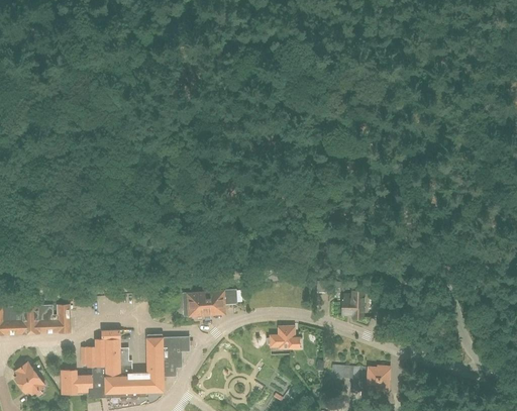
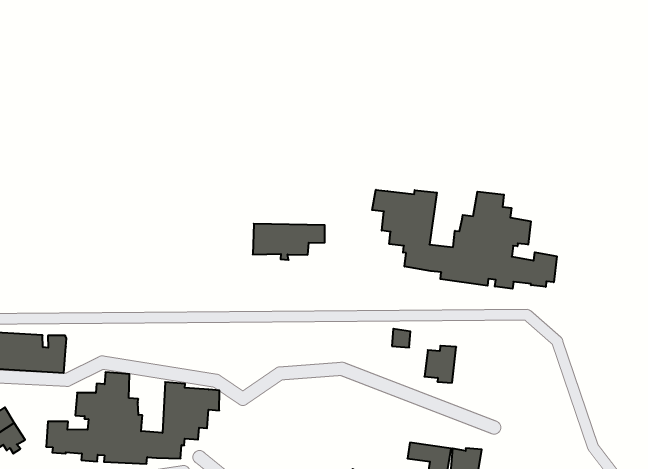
building: none -> [372,190,557,289]
building: [182,289,236,317] -> [253,224,325,260]
building: [267,326,299,347] -> none

